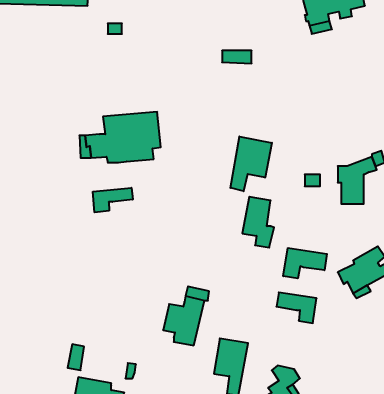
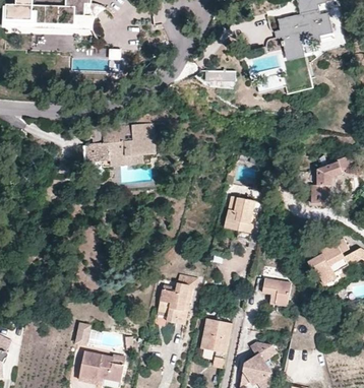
building: [230,136,272,191] -> none
building: [93,188,133,212] -> none
building: [283,248,327,278] -> none

